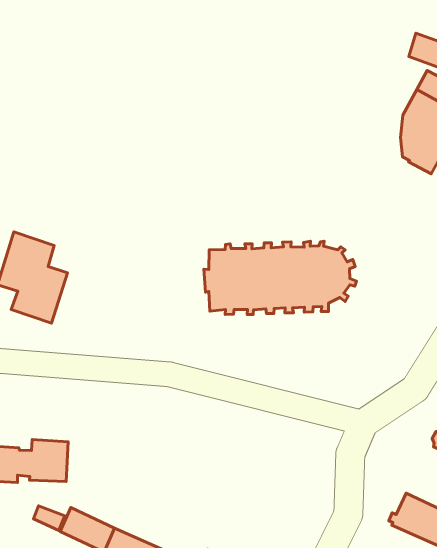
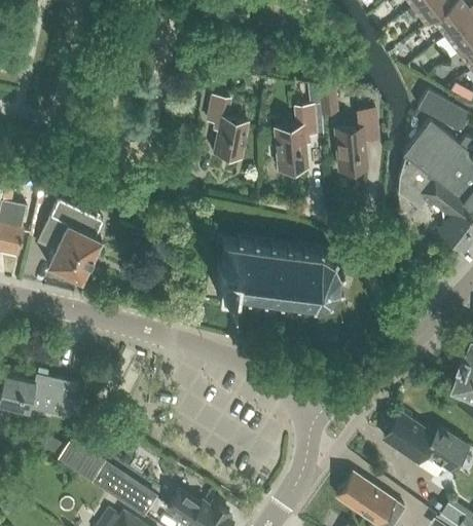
building: none -> [275,82,337,173]
building: none -> [336,111,378,172]
building: none -> [206,98,247,158]

